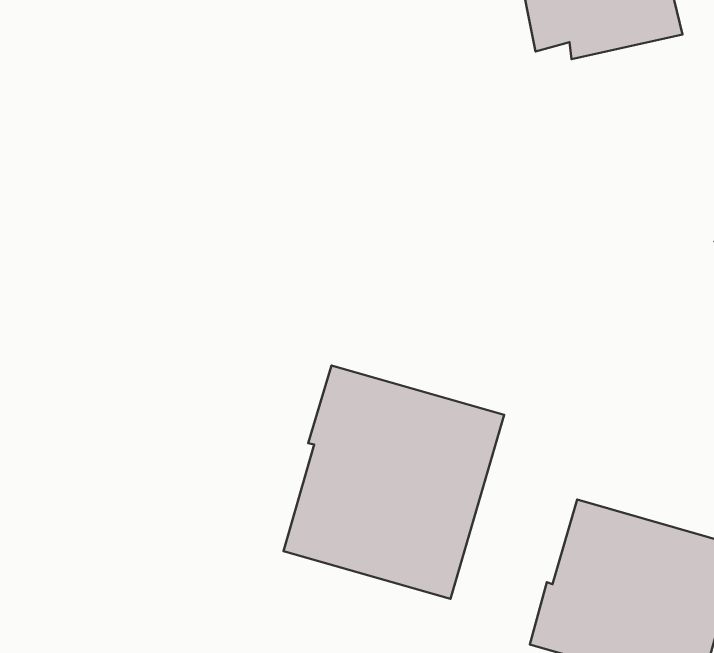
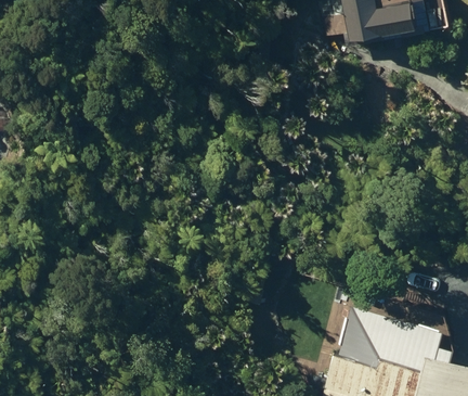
building: [284,366,504,599] -> none

